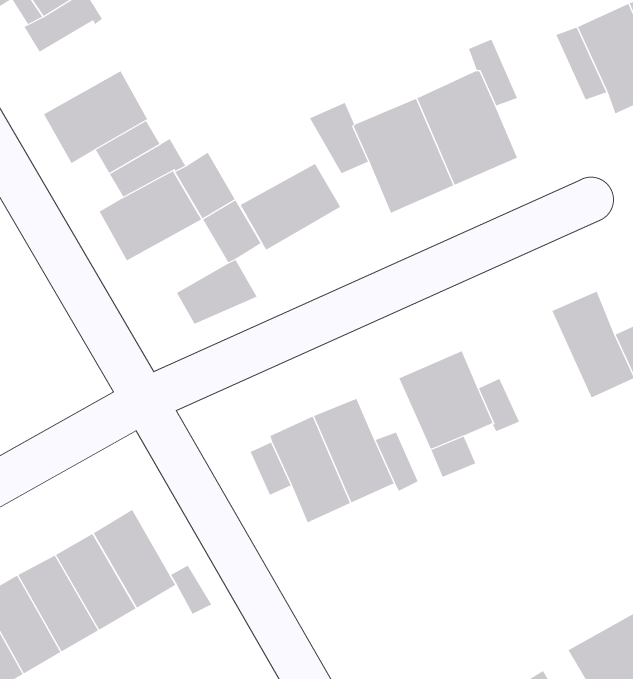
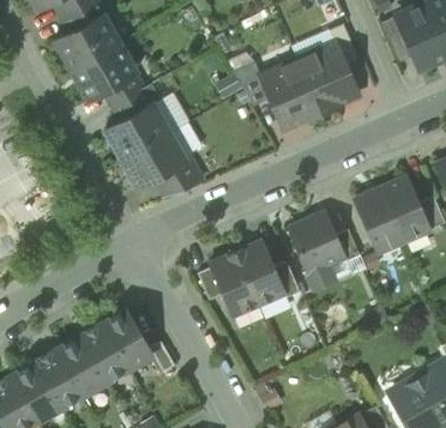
building: none -> [55,13,119,70]
building: [240,163,341,251] -> [122,133,183,186]
building: none -> [352,188,403,252]

